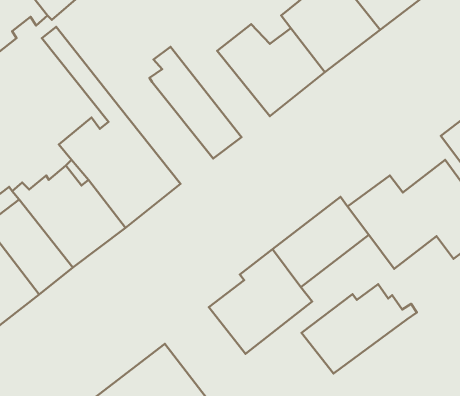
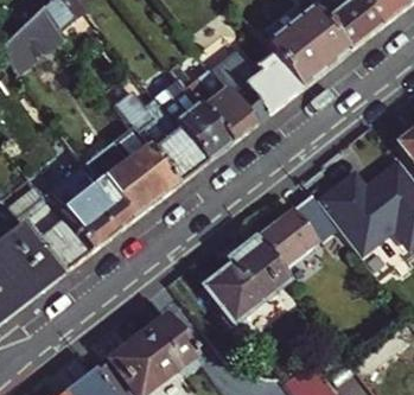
building: none -> [170,62,253,144]
building: none -> [127,97,205,183]
building: [302,284,417,374] -> none

